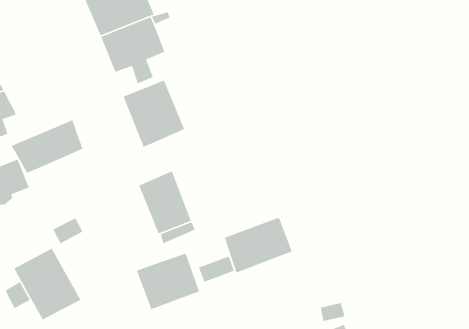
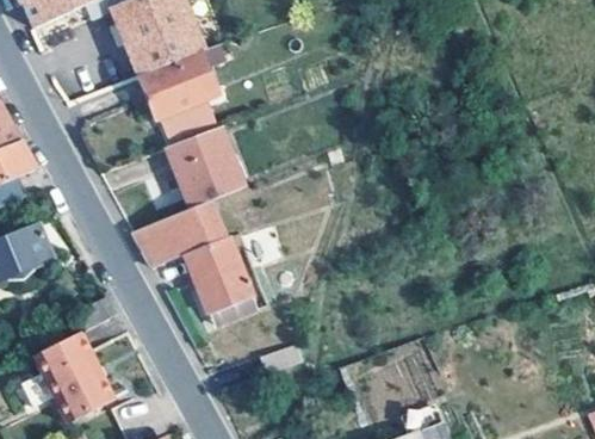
building: [10,119,84,174] -> [134,202,223,268]
building: [224,217,293,273] -> none
building: [136,253,200,310] -> none

